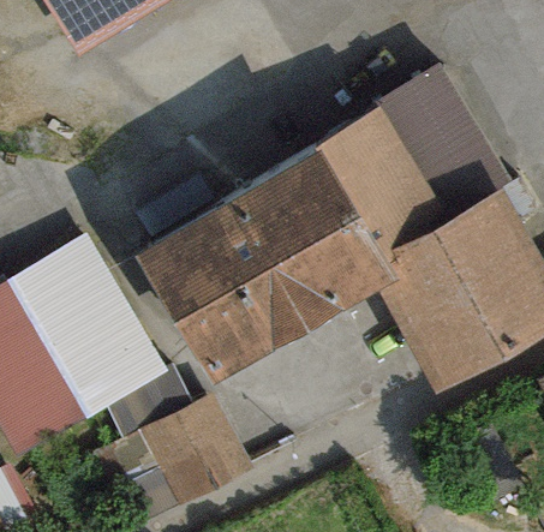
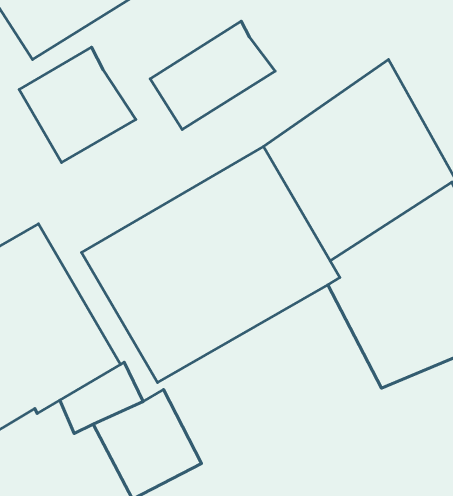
building: none -> [150,21,275,129]
building: none -> [19,47,136,162]

